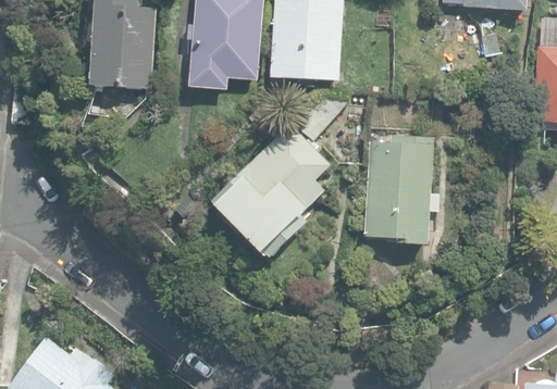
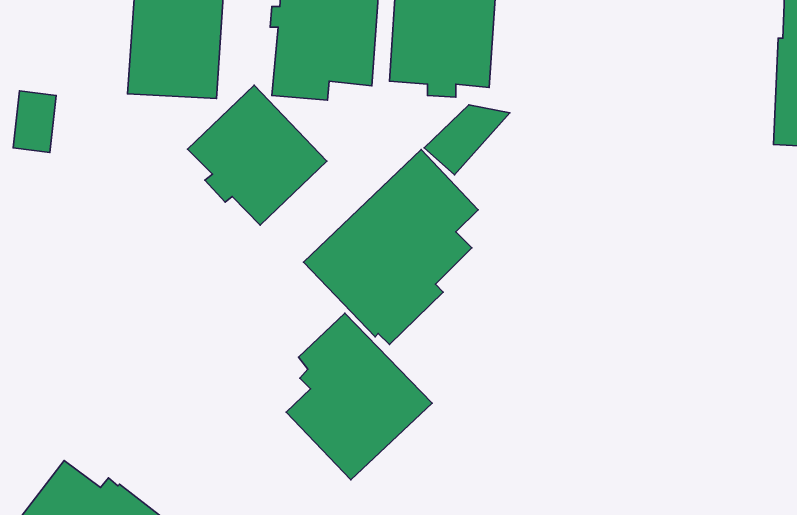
building: none -> [188,85,327,225]
building: [364,135,440,243] -> none
building: none -> [286,313,432,480]

